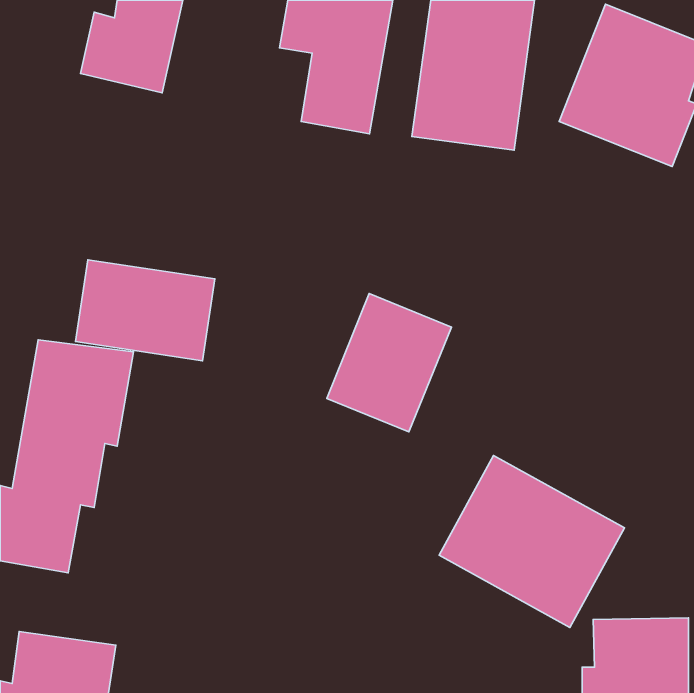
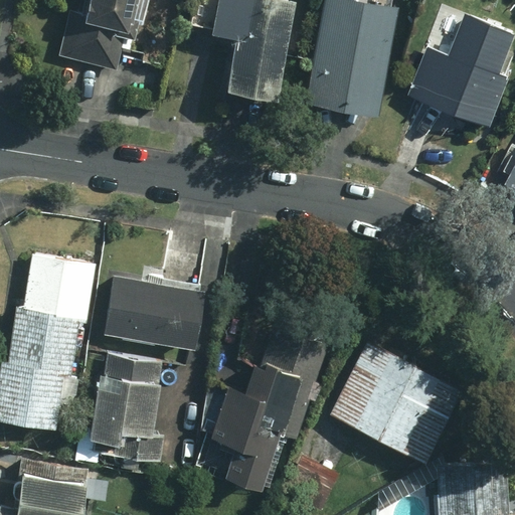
building: [76,260,215,361] -> [101,276,203,350]
building: [327,293,451,432] -> none
building: none -> [194,325,333,490]
building: none -> [75,351,165,468]

